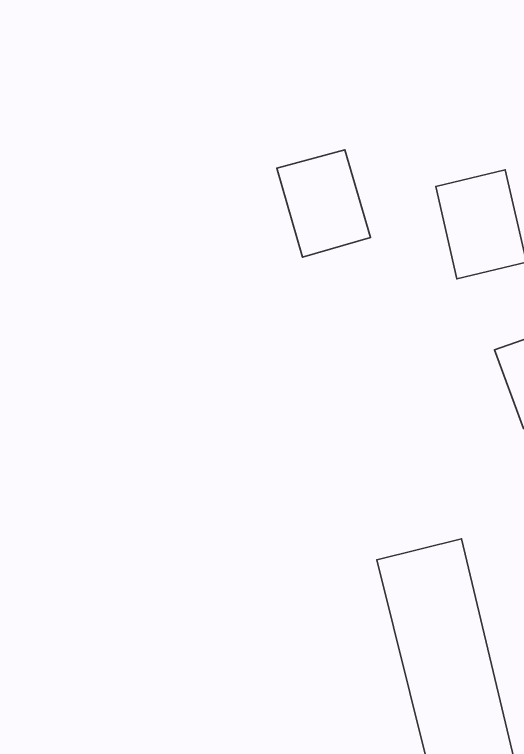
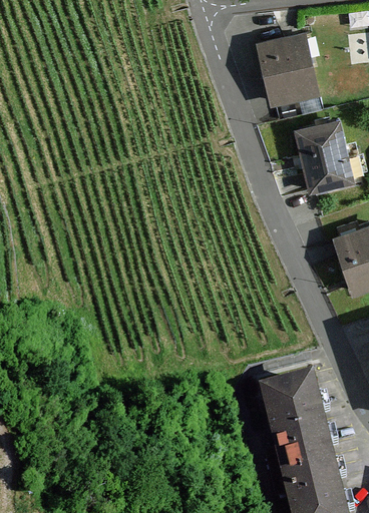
building: [277,150,370,257] -> [256,32,318,103]

